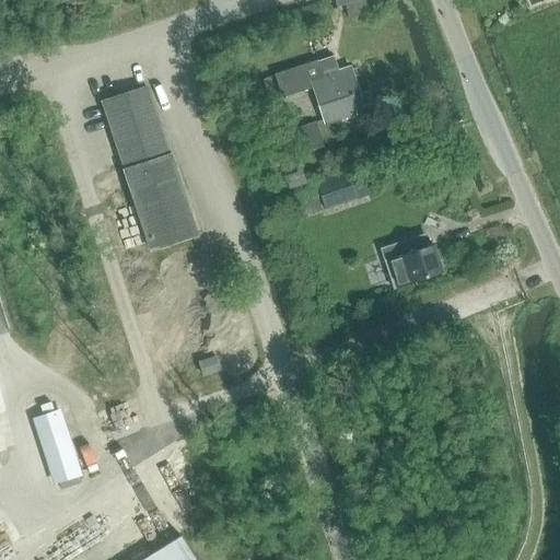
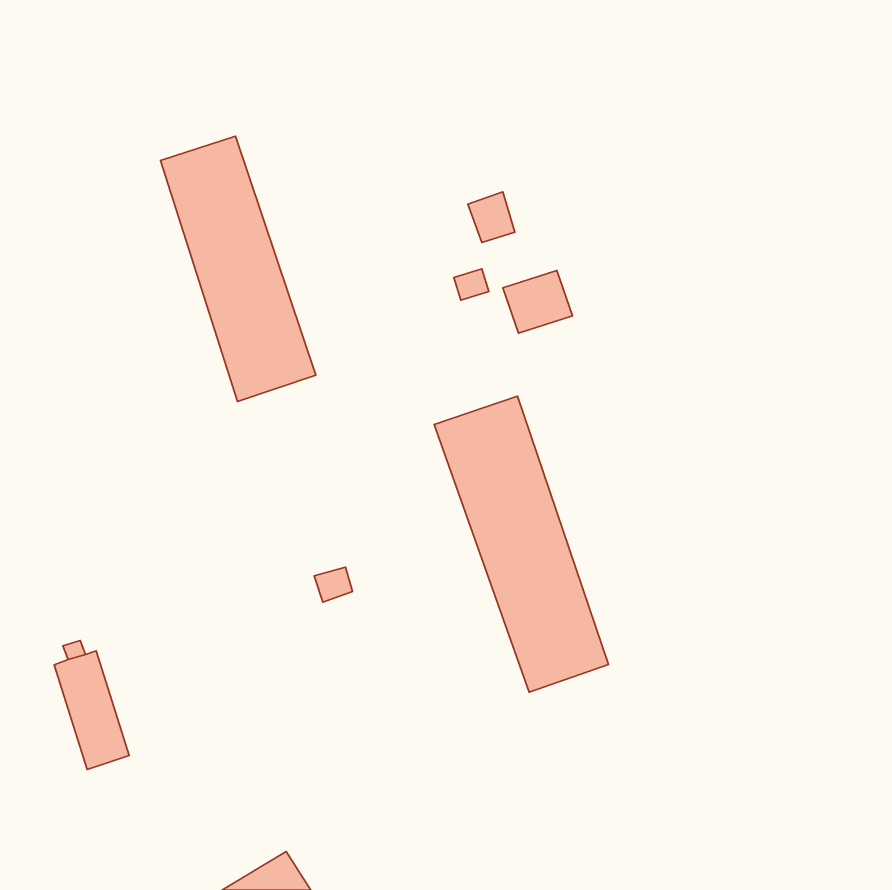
building: [275,55,374,124] -> none
building: [381,234,443,290] -> none
building: none -> [434,396,608,692]

